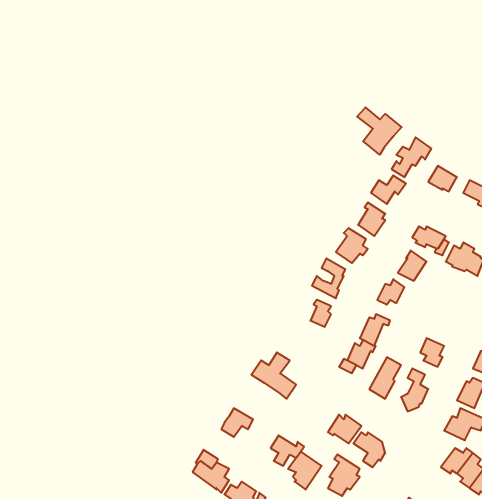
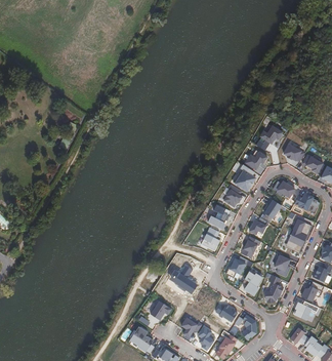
building: [357,107,402,155] -> none
building: none -> [285,218,310,252]

